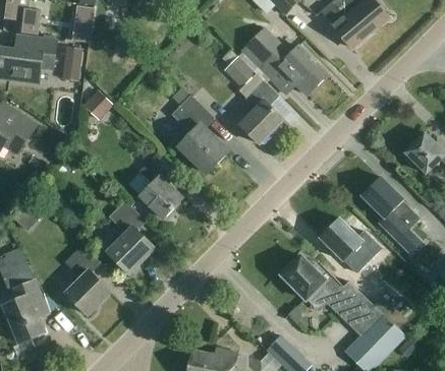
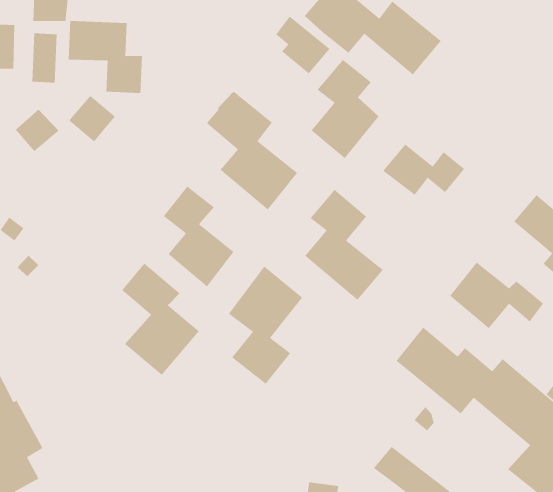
building: none -> [68,20,143,94]
building: none -> [382,143,465,196]
building: none -> [304,189,384,301]
building: none -> [228,265,303,385]
building: [64,243,112,313] -> none

